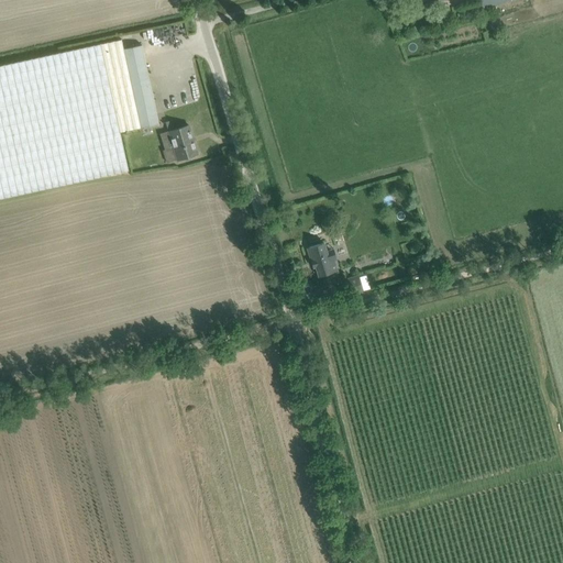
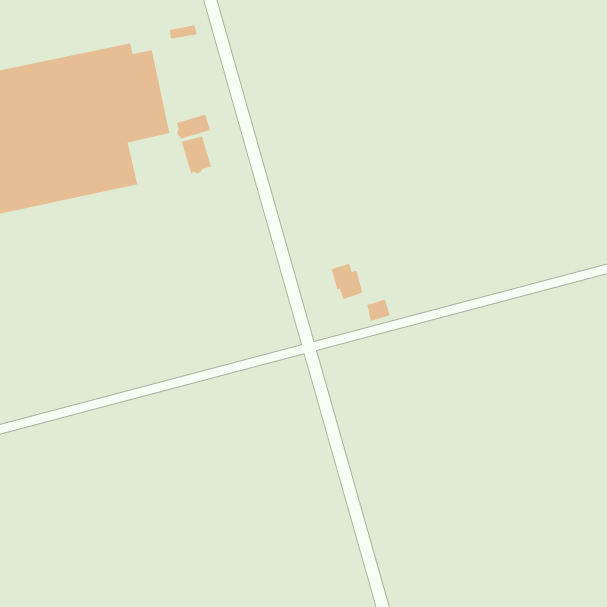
building: none -> [176,114,211,140]

